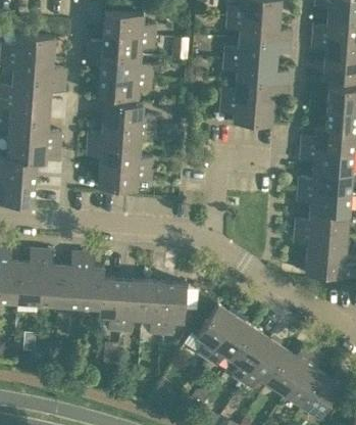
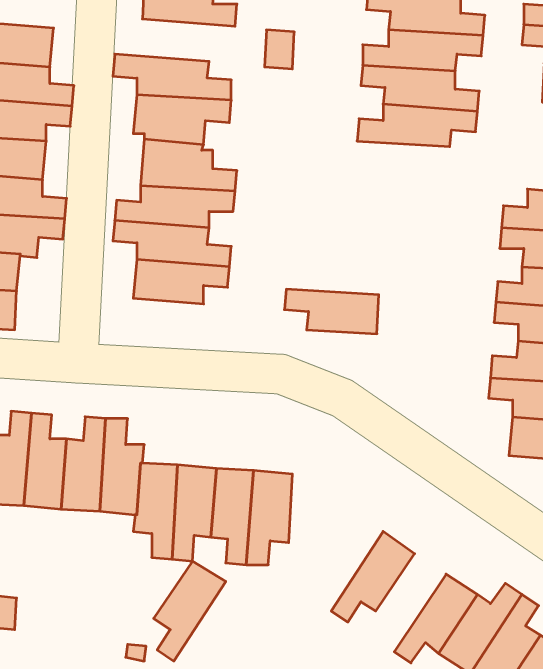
building: [89,33,155,56] -> none
building: [221,100,273,125] -> [284,289,379,334]
building: [197,304,237,360] -> [154,561,226,661]
building: [233,328,271,382] -> none

